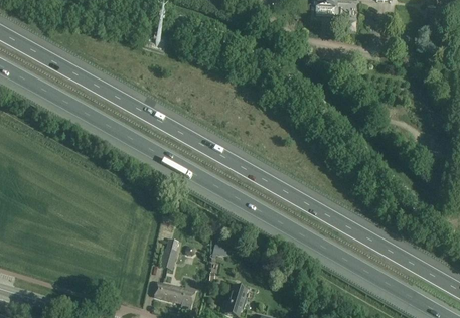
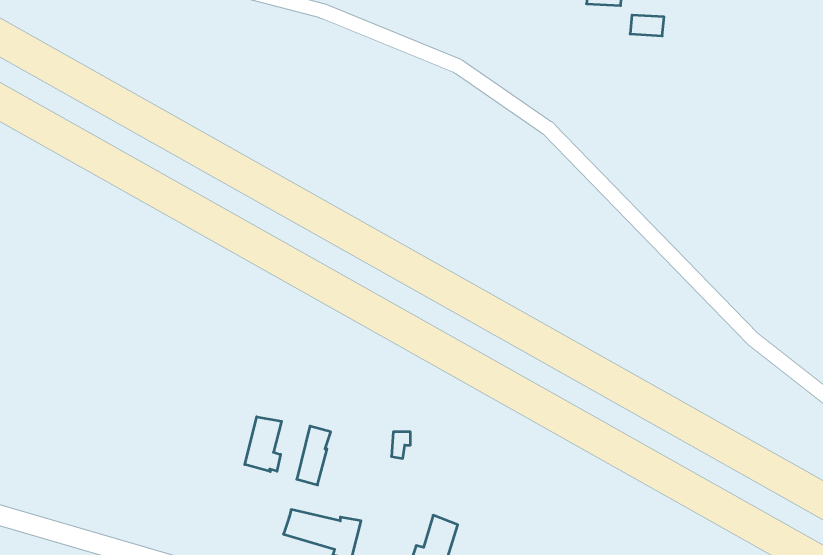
building: none -> [245,417,282,472]

